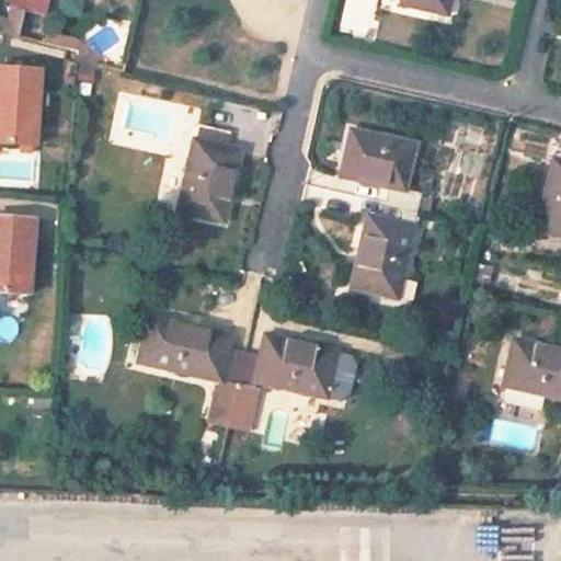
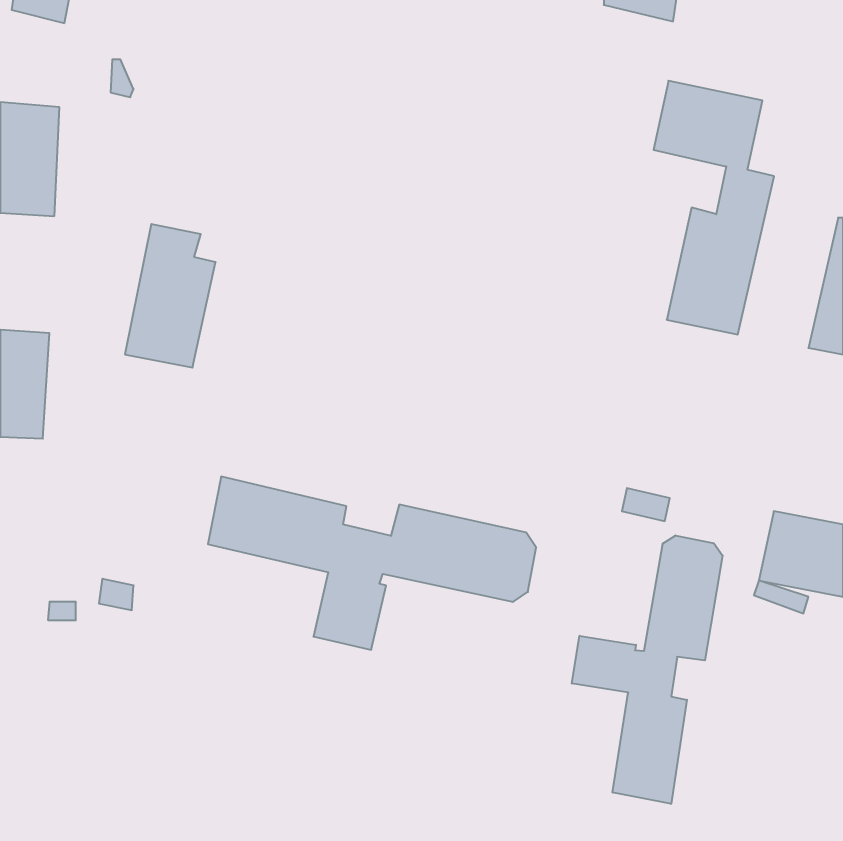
building: [180,126,240,221] -> [125,224,216,368]
building: [341,130,421,299] -> [654,81,774,335]
building: none -> [572,535,723,804]

